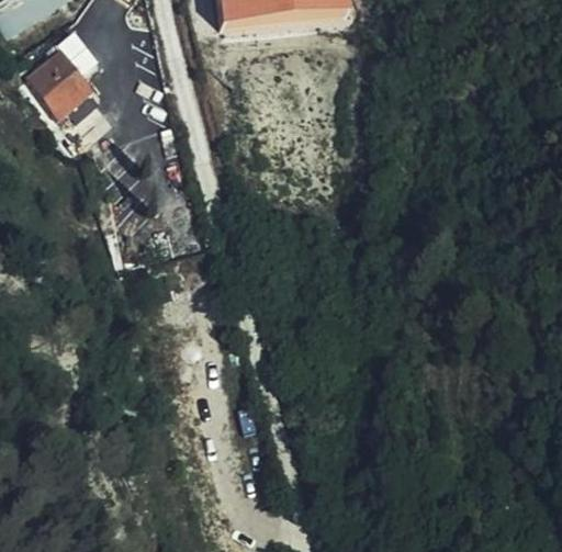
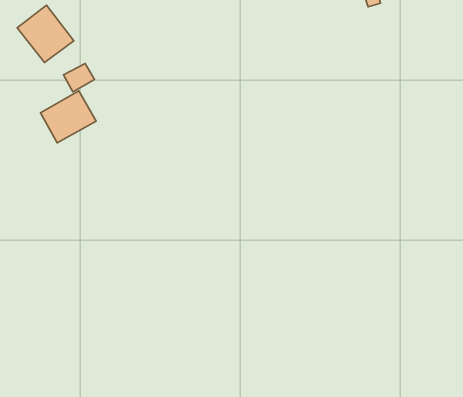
building: none -> [41,91,96,143]

